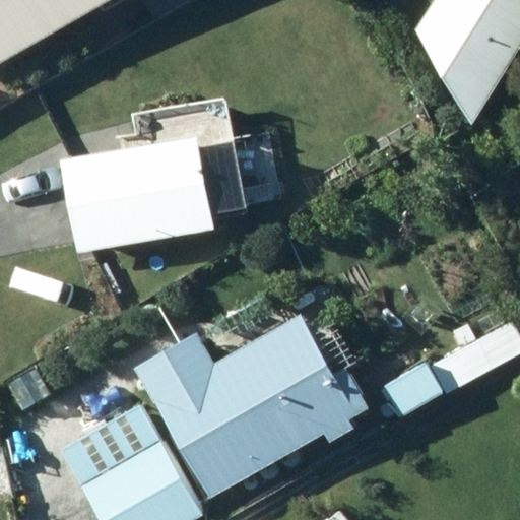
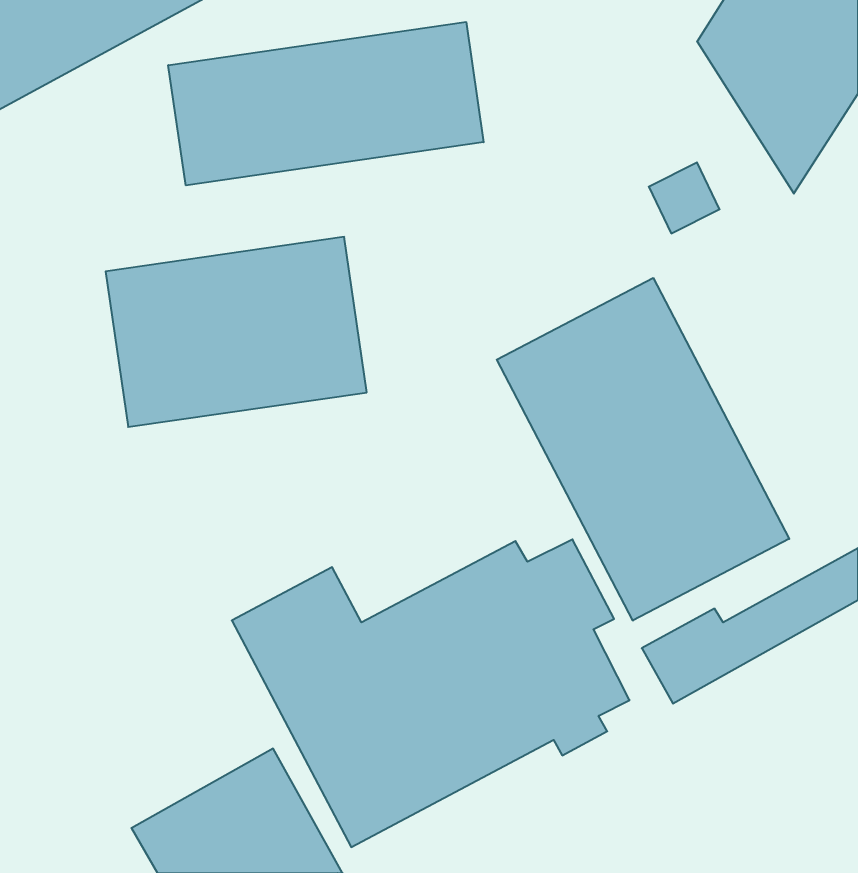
building: none -> [168,22,484,185]
building: none -> [497,278,789,621]

